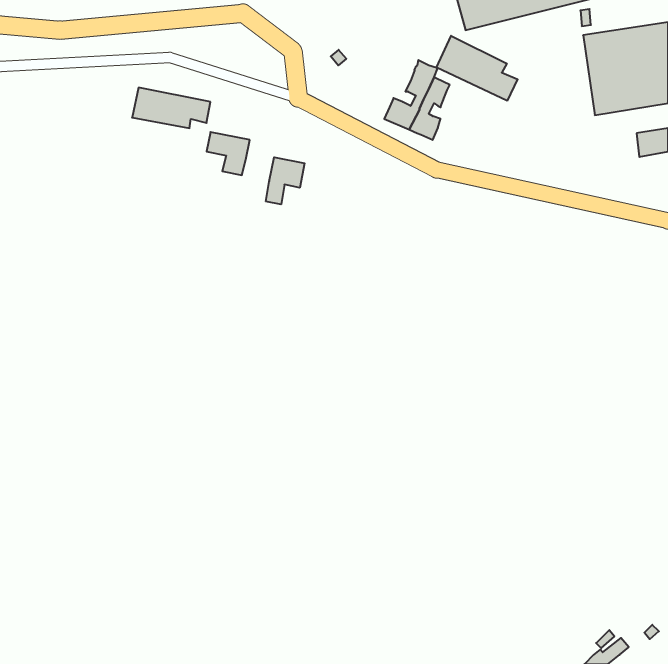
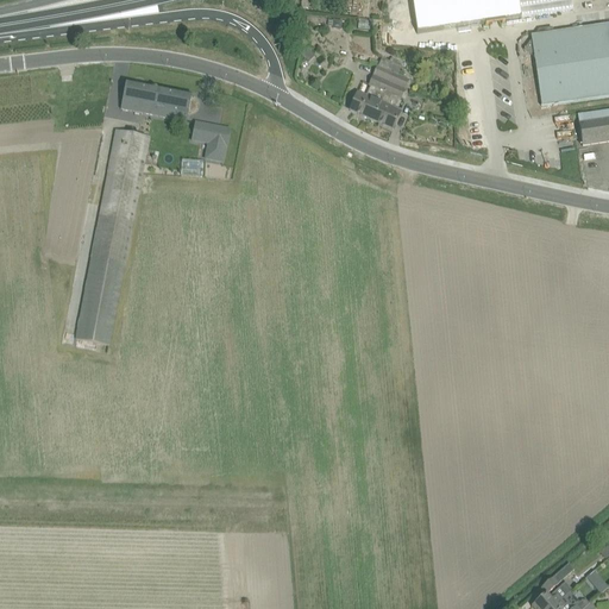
building: [437,36,518,101] -> none
building: none -> [75,128,149,344]
building: [266,157,305,204] -> none

